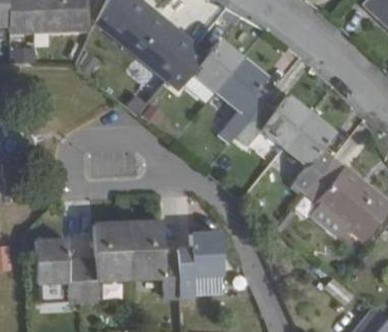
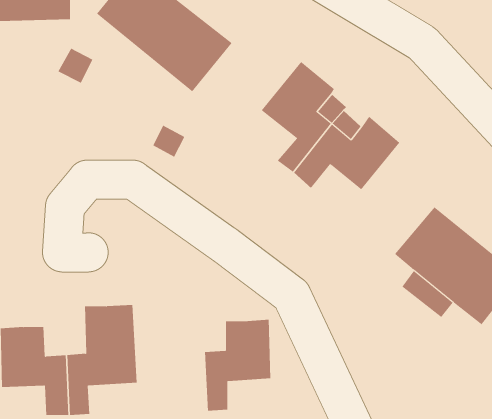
building: [168,40,241,92] -> none
building: [283,114,332,190] -> none
building: [127,223,178,298] -> none

